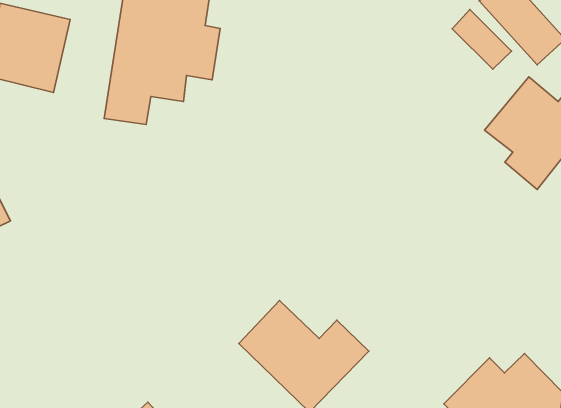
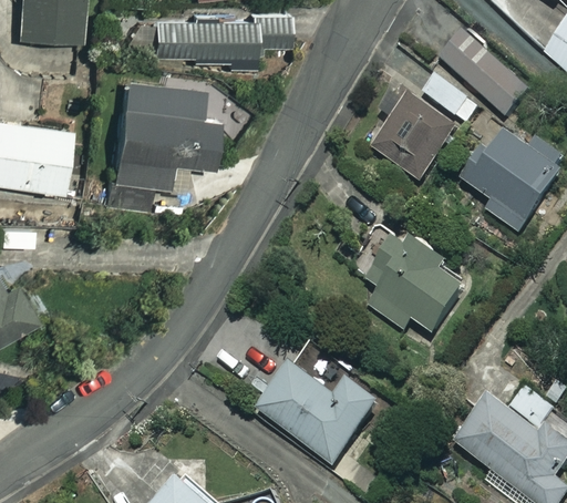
building: none -> [374,96,457,182]
building: none -> [344,224,465,330]

